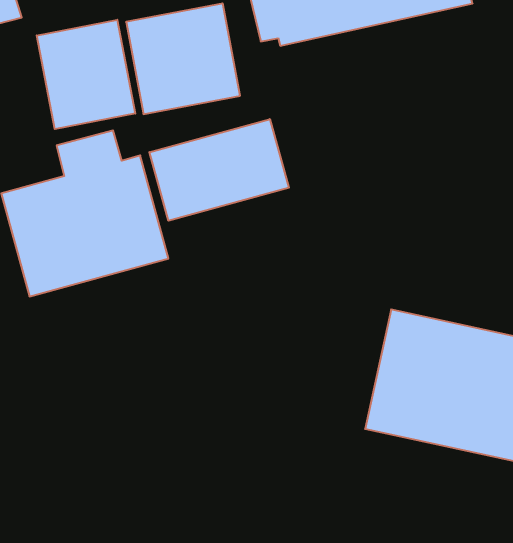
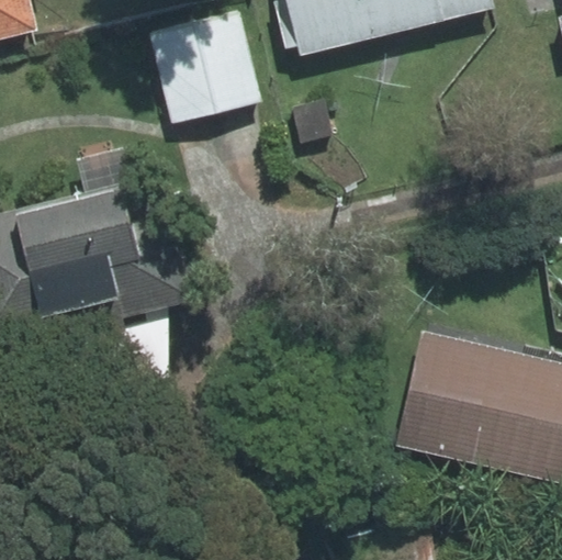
building: [37,20,135,129] -> none
building: [149,119,289,221] -> none

